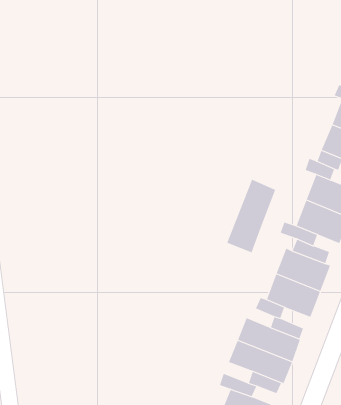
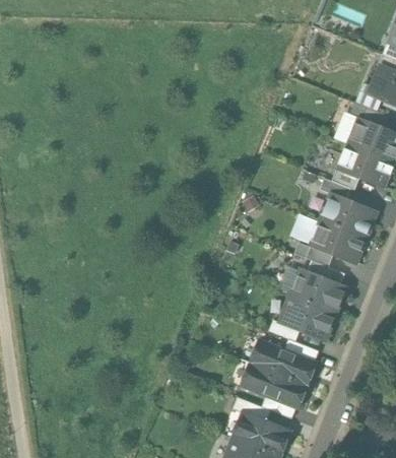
building: [226,179,276,253] -> none

